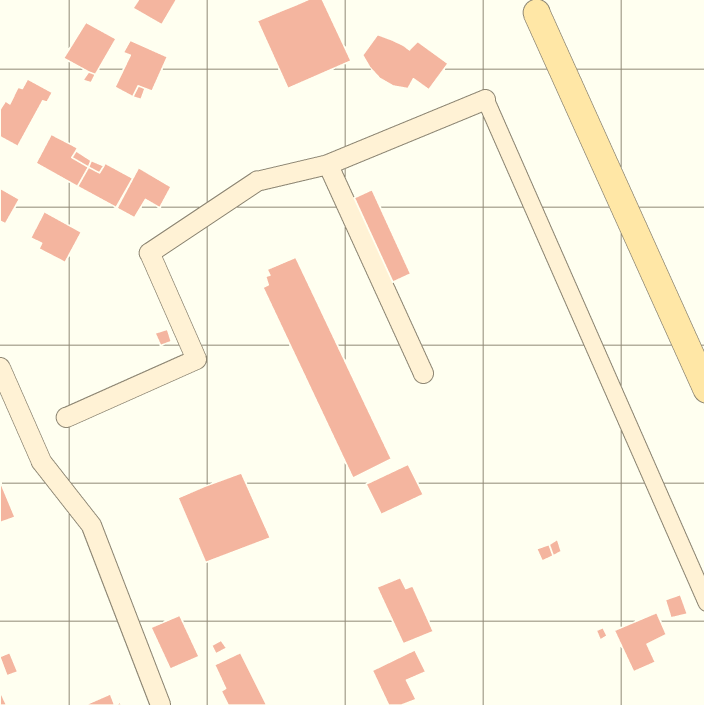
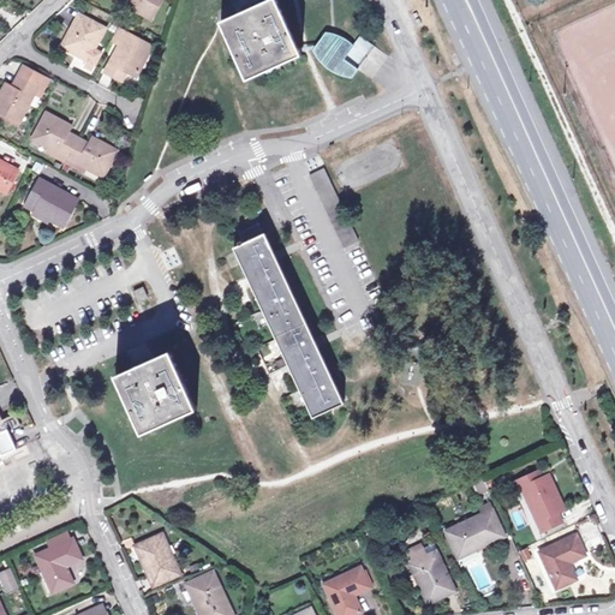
building: [117,168,171,218] -> none
building: [366,464,424,514] -> none
building: [178,473,271,563] -> [118,350,198,428]
building: none -> [513,465,559,526]
building: [377,578,434,644] -> [400,541,449,598]
building: none -> [440,504,498,547]
building: none -> [35,530,78,589]

